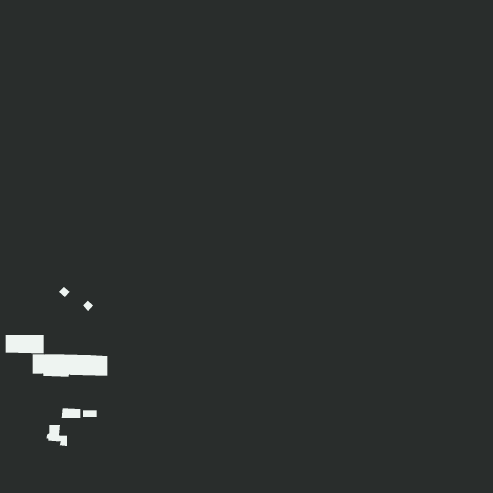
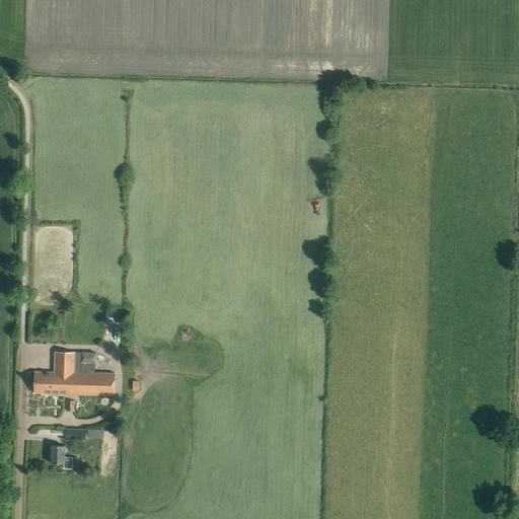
building: [5,334,44,354] -> [54,352,95,372]

